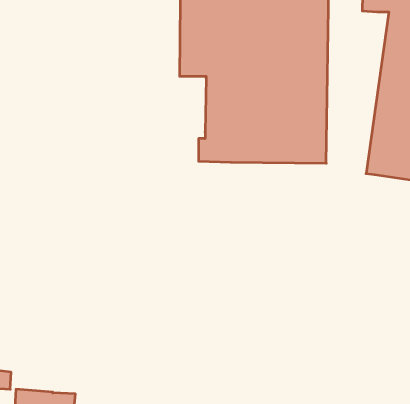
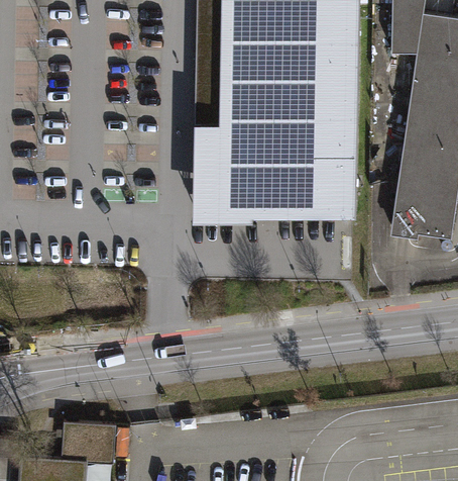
building: none -> [199,124,252,219]
building: none -> [63,421,117,464]

